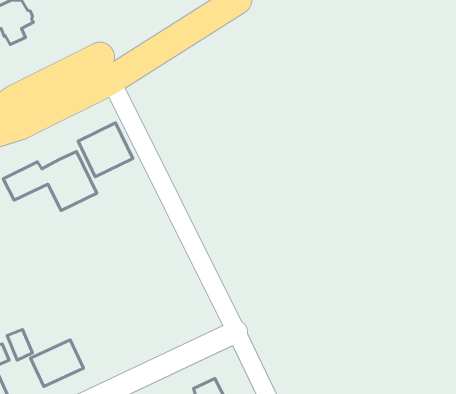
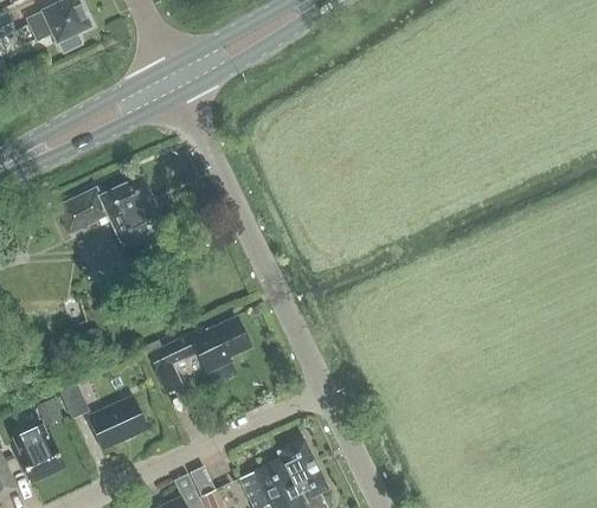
building: [78,123,133,177] -> none
building: none -> [147,317,249,393]

